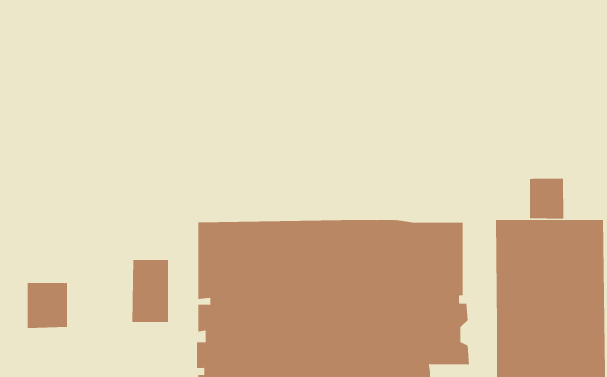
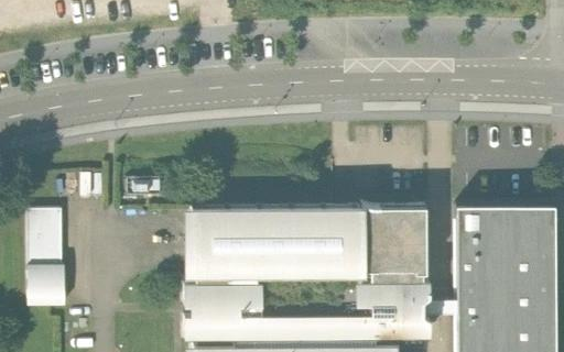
building: [529,178,564,220] -> none
building: [131,259,169,322] -> [30,208,64,265]

